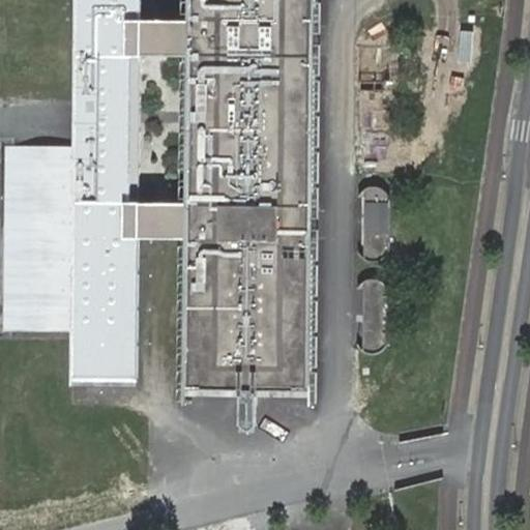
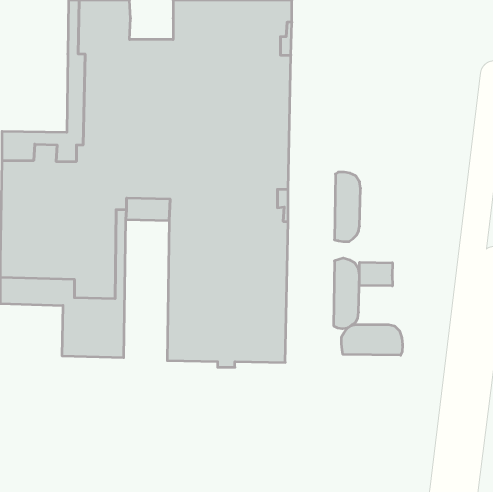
building: [140,22,186,45] -> none
building: none -> [360,262,392,286]
building: none -> [341,325,402,355]

